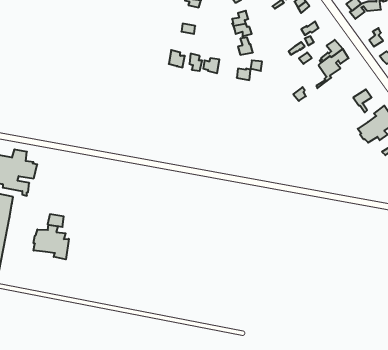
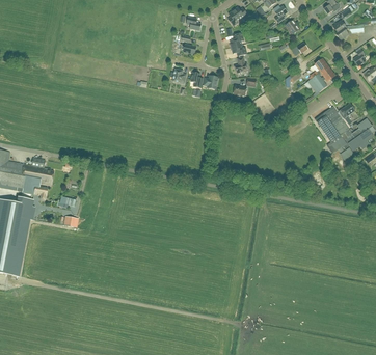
building: none -> [315,107,353,160]
building: [33,225,69,259] -> none

